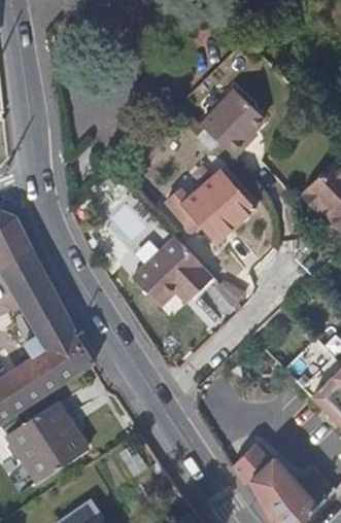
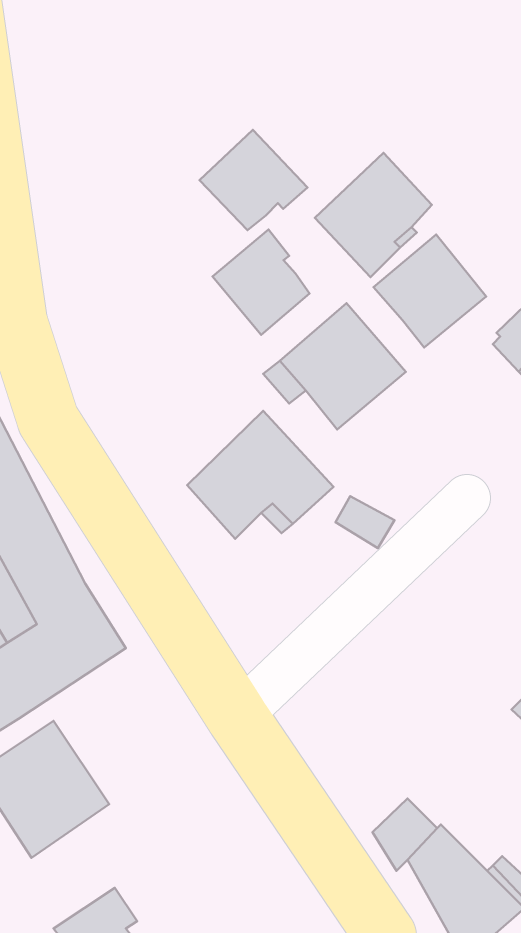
building: none -> [200,130,307,230]
building: none -> [213,229,310,335]
building: none -> [374,235,486,347]

